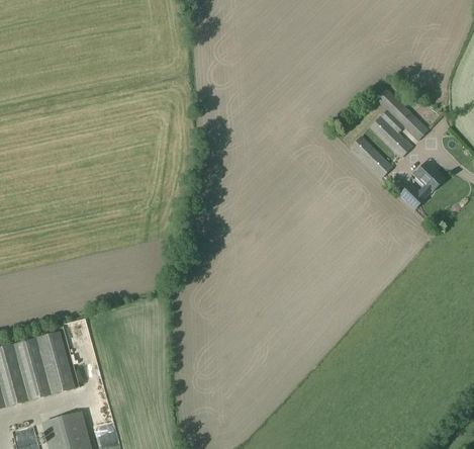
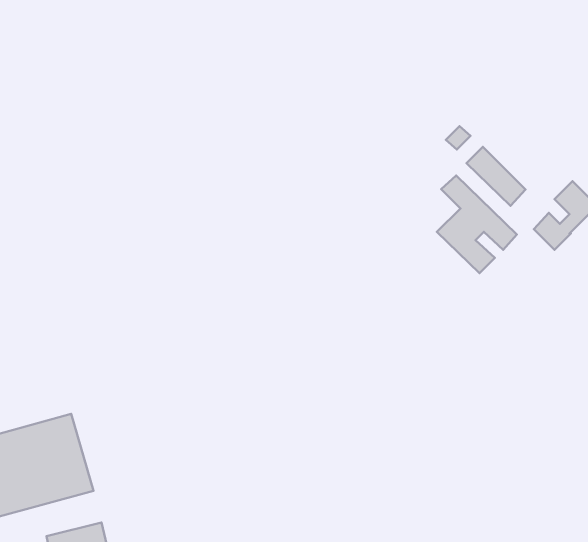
building: [369,85,428,157] -> [437,175,517,273]

